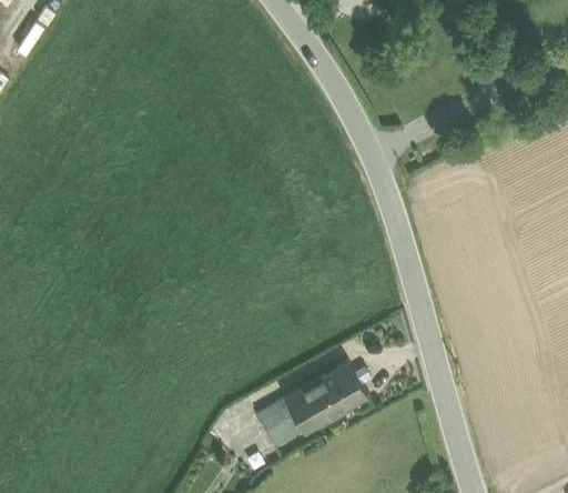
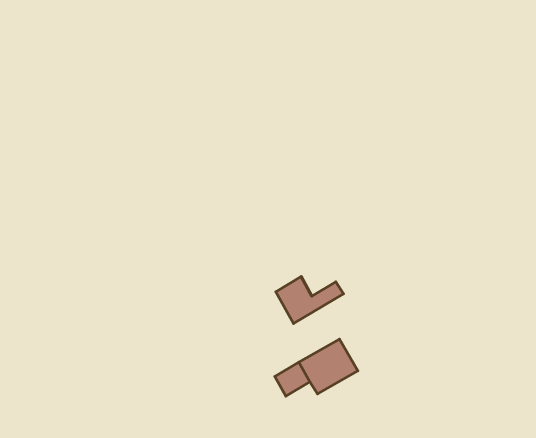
building: [257,400,326,447] -> [276,276,344,323]

